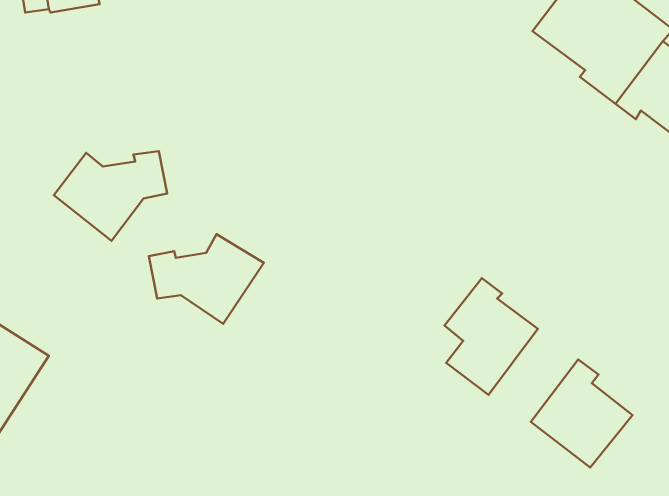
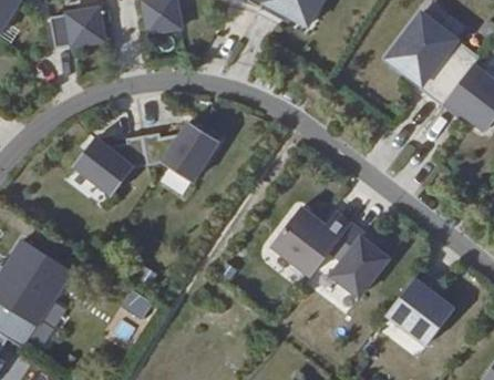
building: [149,234,264,324] -> [143,123,218,182]
building: none -> [272,205,354,274]

